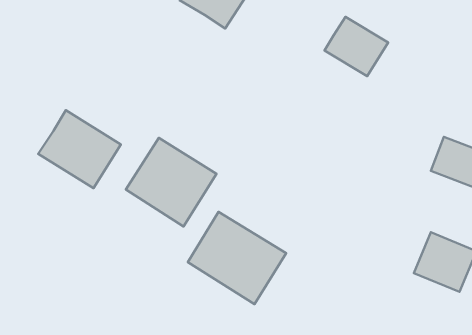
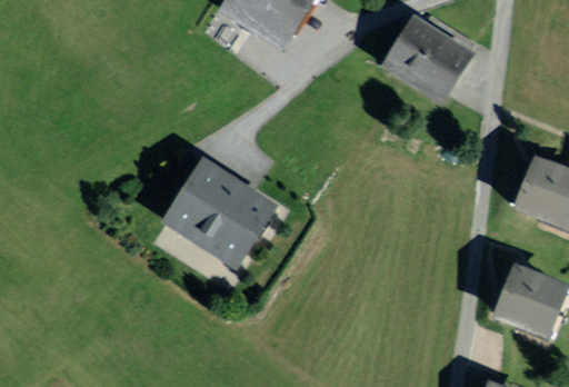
building: [38,110,121,188] -> none
building: [188,212,286,304] -> none

